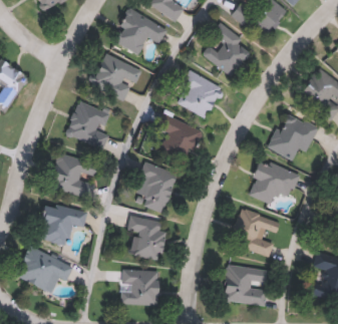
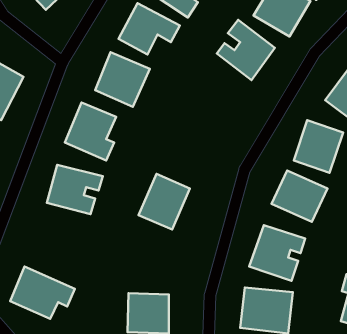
building: [180,69,223,118] -> none
building: [156,112,203,163] -> none
building: [37,201,88,244] -> none
building: [127,213,166,260] -> none

